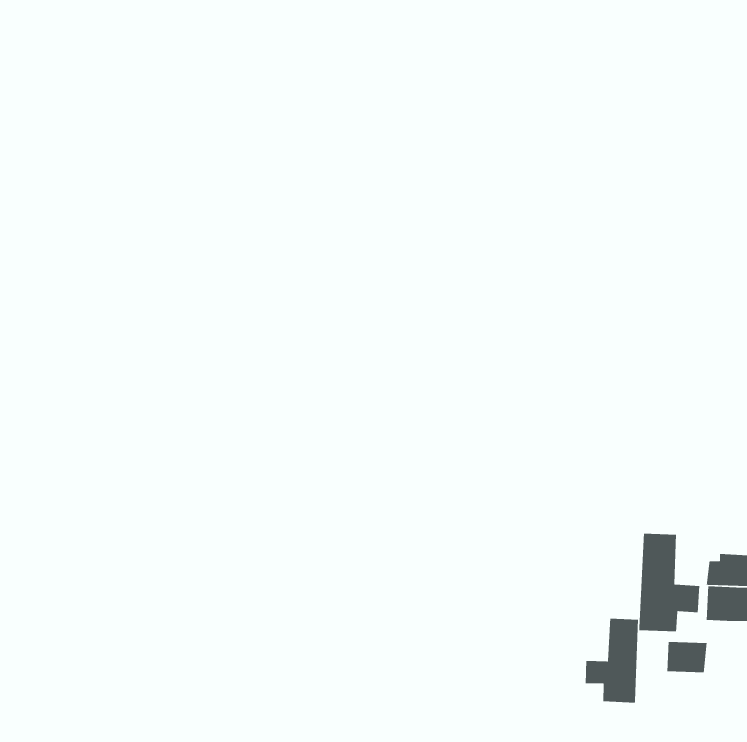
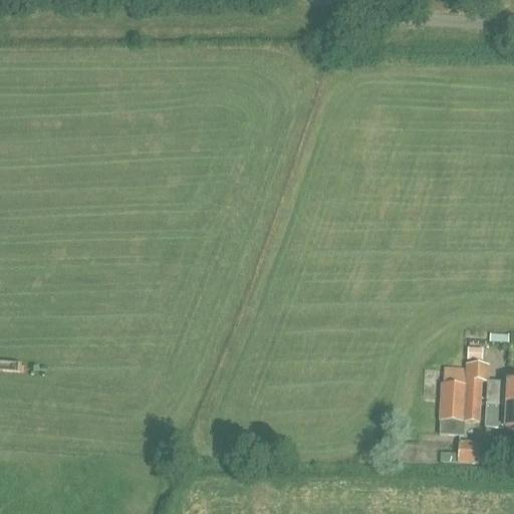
building: none -> [464,361,490,402]
building: [585,618,639,703] -> none

